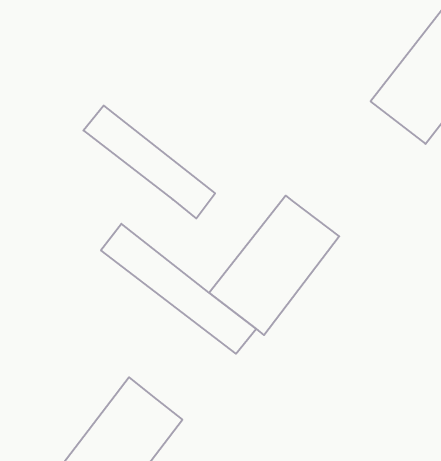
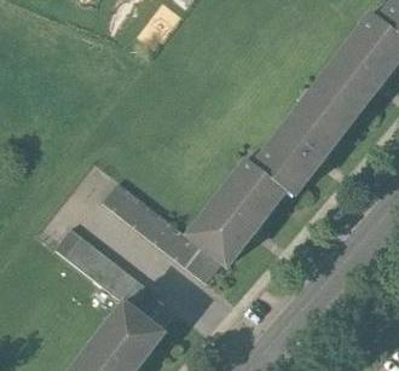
building: none -> [250,88,352,198]
building: [83,106,215,218] -> [54,228,156,315]

